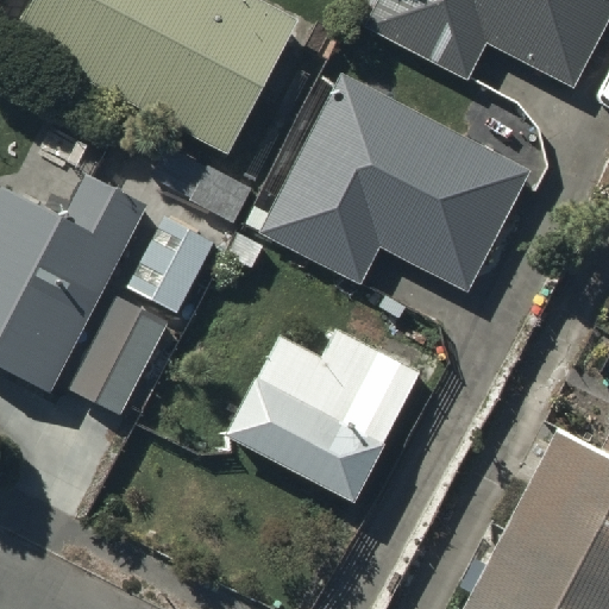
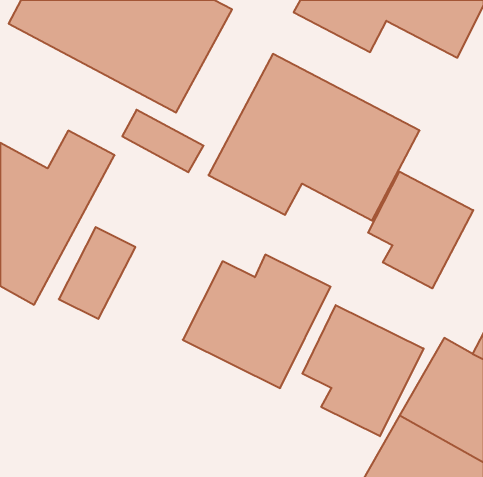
building: none -> [368,172,473,288]
building: none -> [302,305,424,436]

